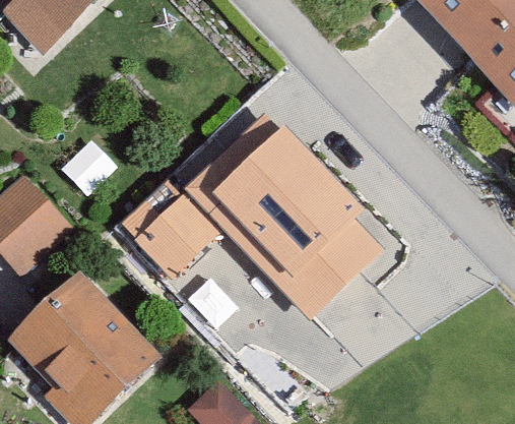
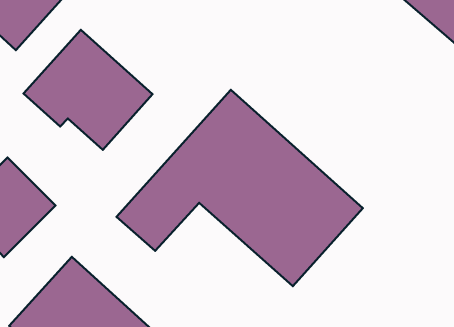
building: none -> [24,30,152,150]

